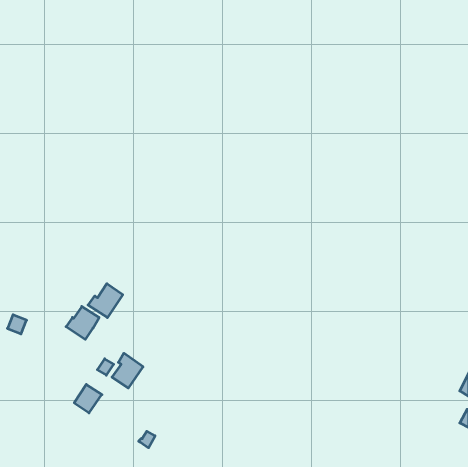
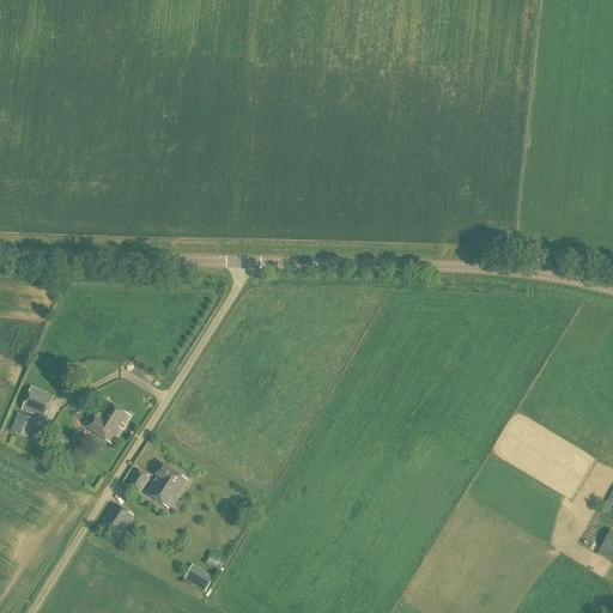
building: [88,284,123,318] -> none
building: none -> [23,386,54,415]

